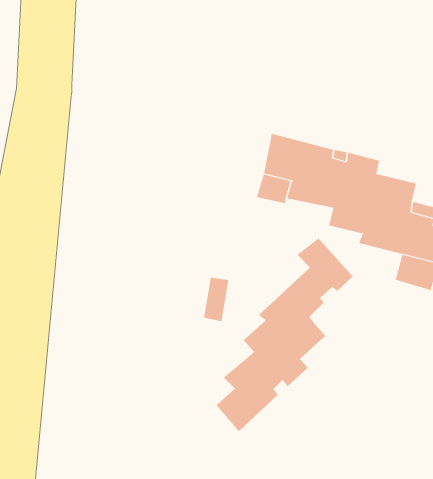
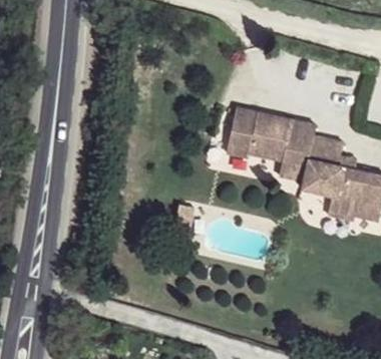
building: [216,237,354,432] -> none

